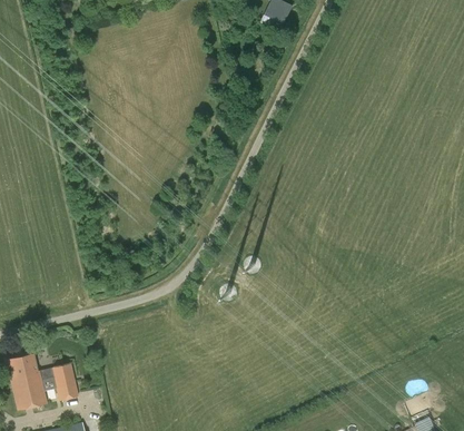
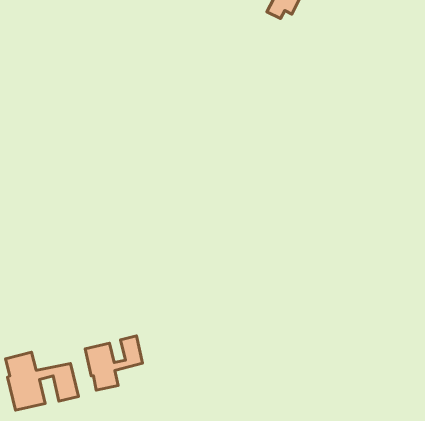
building: none -> [85,336,143,390]

